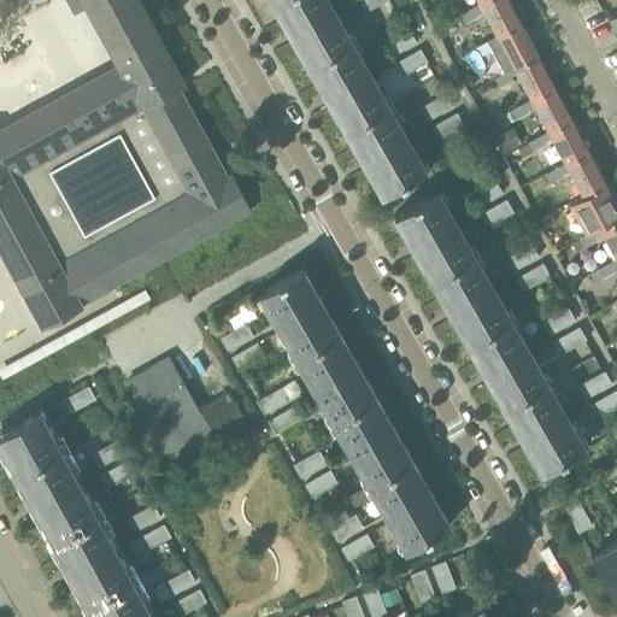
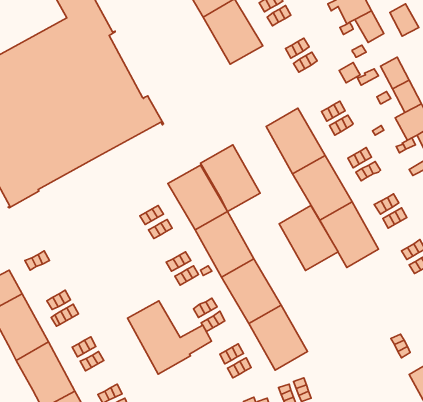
building: [533,88,572,133] -> [390,4,419,36]
building: [343,105,425,196] -> [200,145,260,211]
building: [125,359,241,460] -> [127,301,212,374]
building: [504,384,584,474] -> [279,206,338,270]

